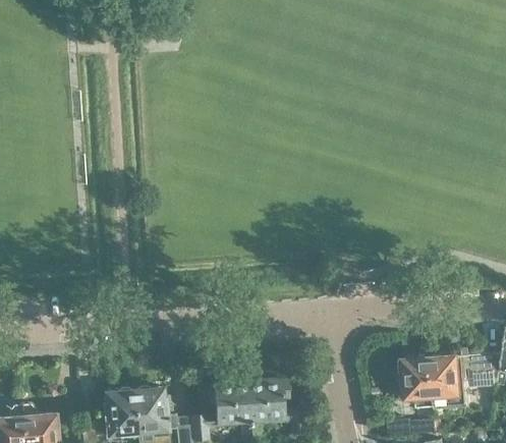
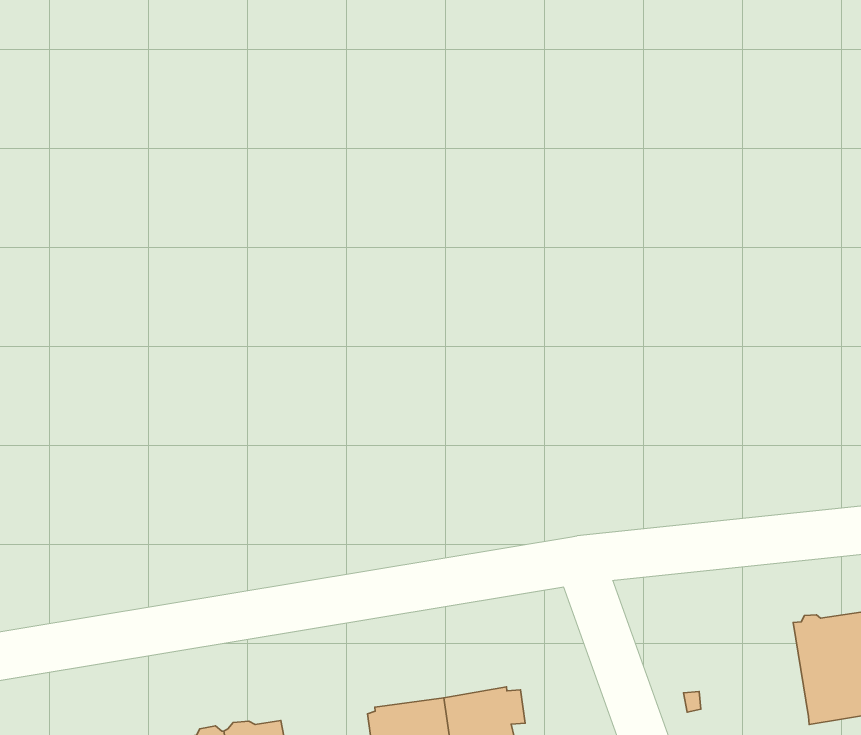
building: [398,353,434,405] -> none

